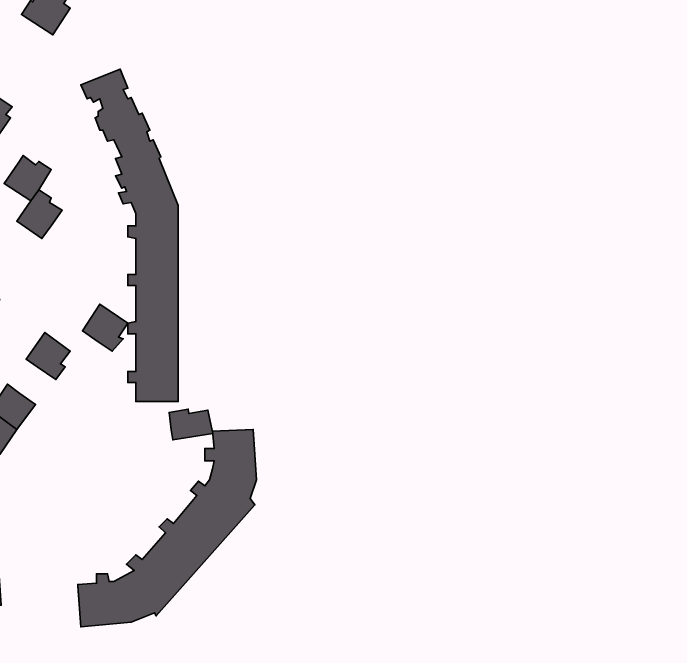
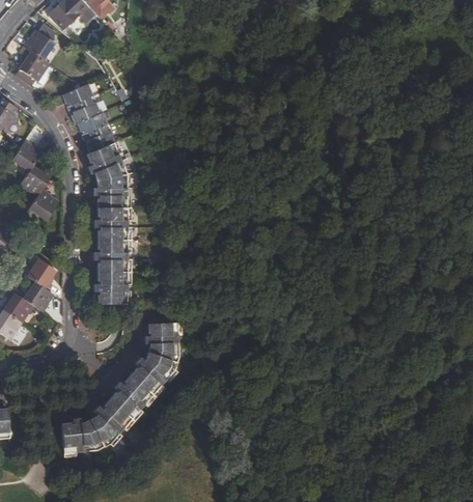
building: none -> [13,48,49,87]
building: none -> [28,188,57,220]
building: [83,304,128,351] -> [22,281,52,312]
building: [169,409,213,440] -> none

